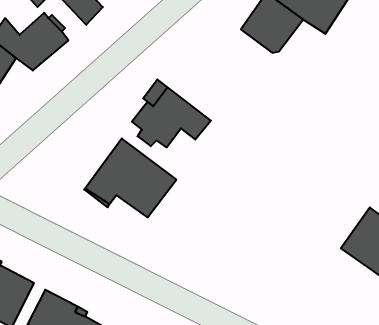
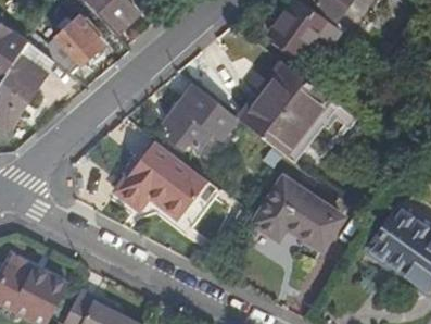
building: none -> [242,64,339,164]
building: none -> [253,179,341,248]

